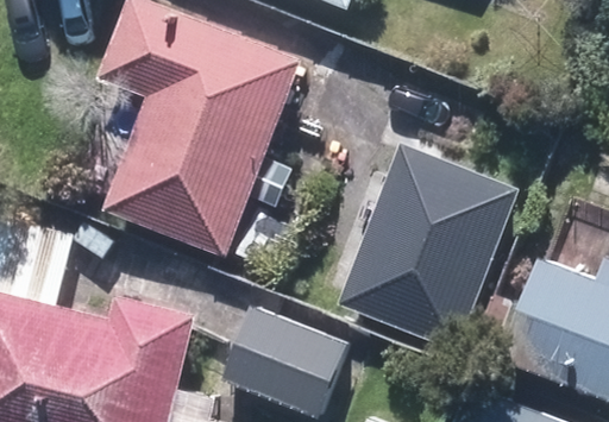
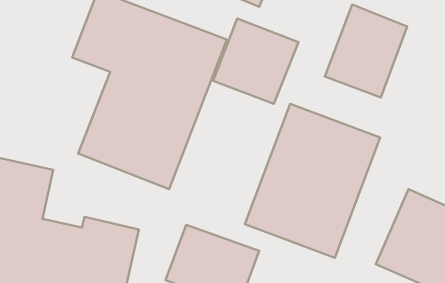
building: none -> [325,5,407,98]
building: none -> [213,19,298,104]

